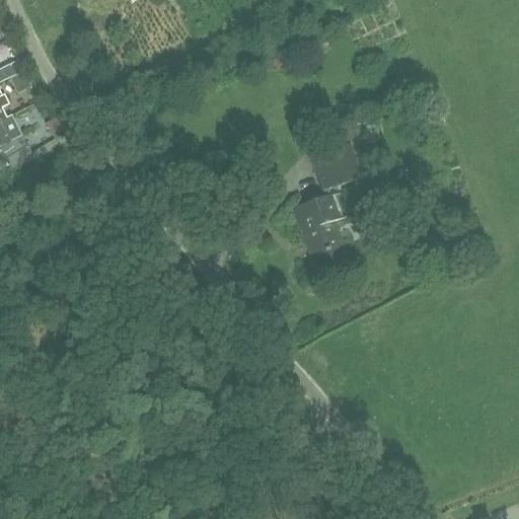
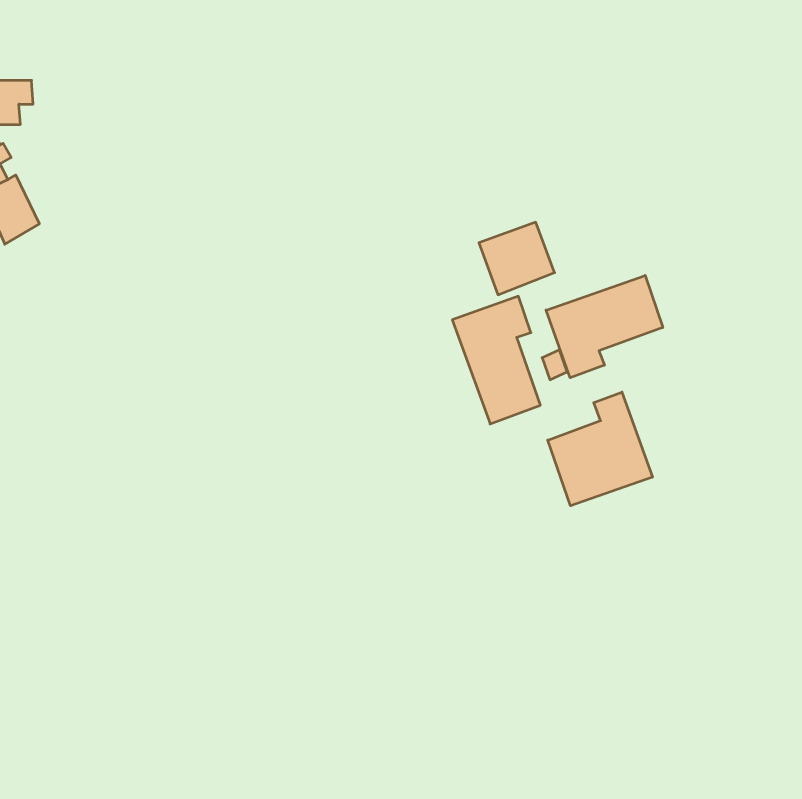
building: none -> [546,275,663,378]
building: none -> [548,392,652,506]

